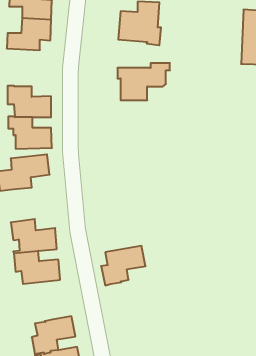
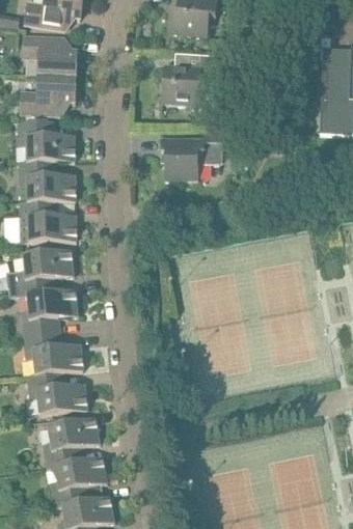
building: none -> [19,120,75,162]
building: none -> [15,289,78,337]
building: [101,246,146,285] -> [43,417,100,468]

